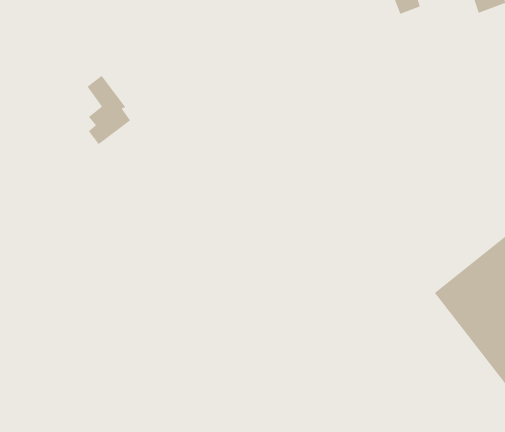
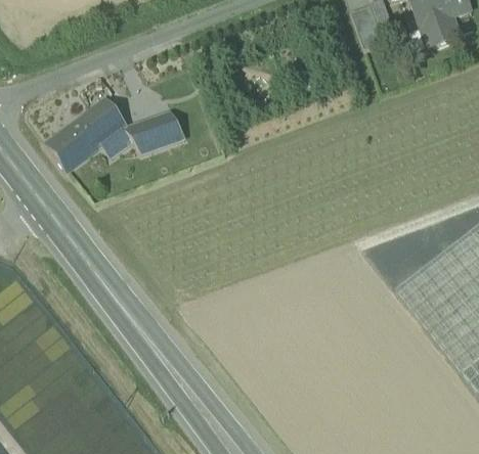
building: none -> [45,109,104,169]
building: none -> [124,115,181,151]

